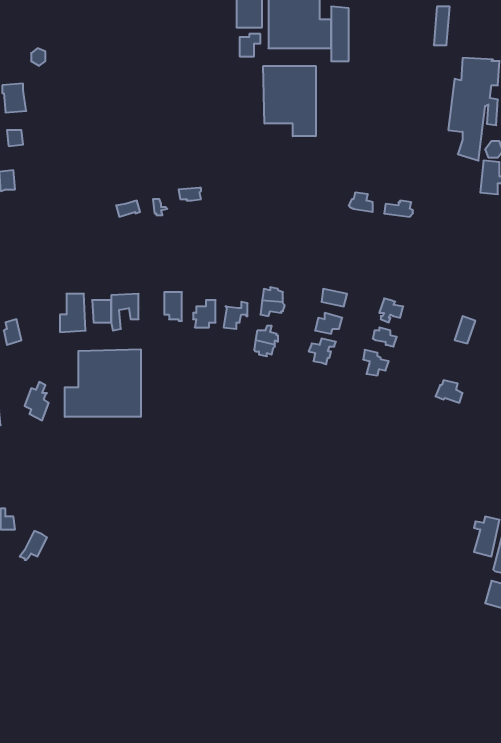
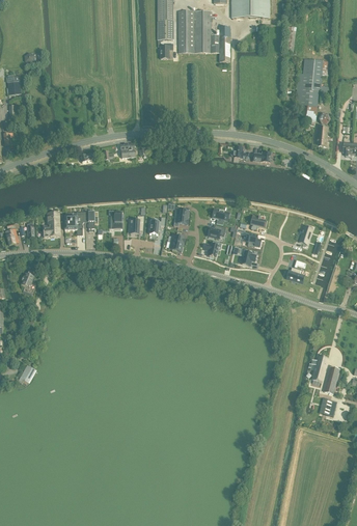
building: [263,66,316,136] -> none
building: [65,349,141,417] -> none

